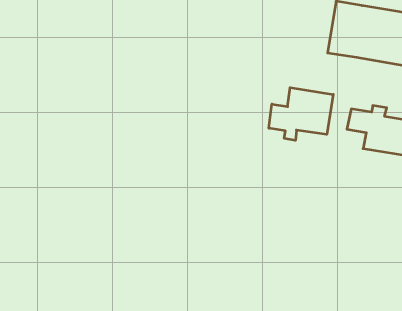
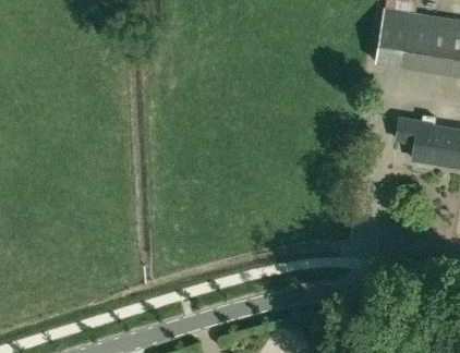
building: [269,88,333,140] -> none

